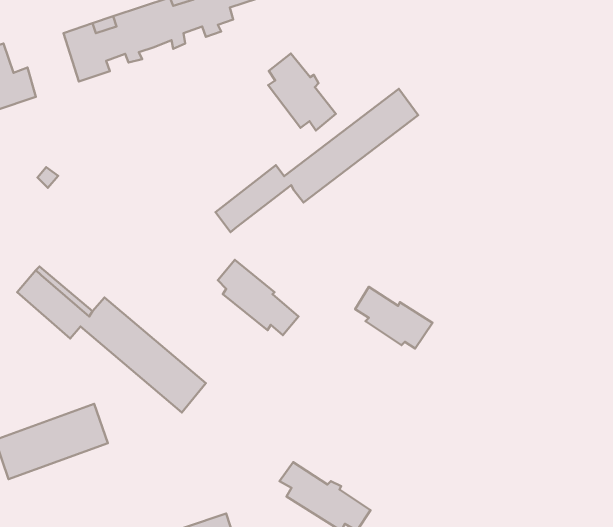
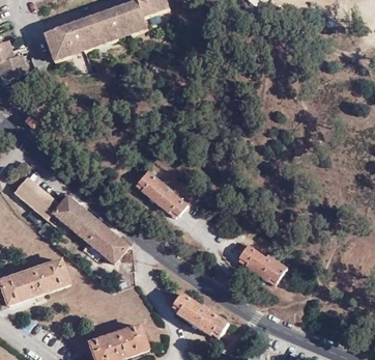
building: [268,54,336,131] -> none
building: [215,89,418,232] -> none
building: [355,287,432,349] -> [237,245,284,282]

